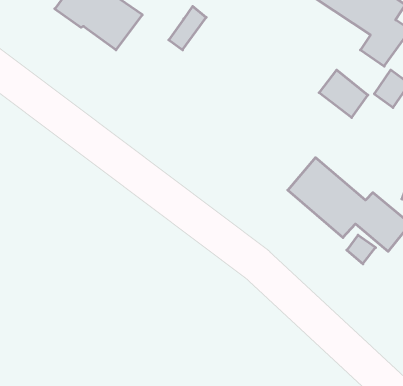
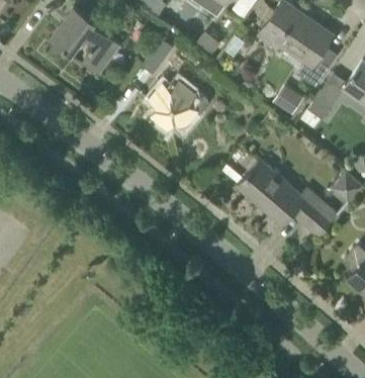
building: none -> [149,80,208,129]

